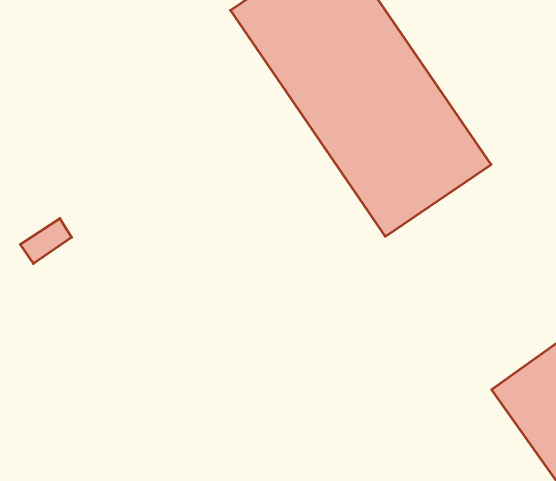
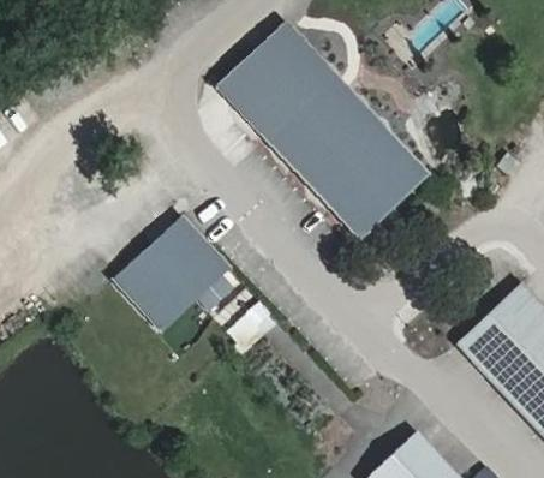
building: none -> [116,217,238,336]

